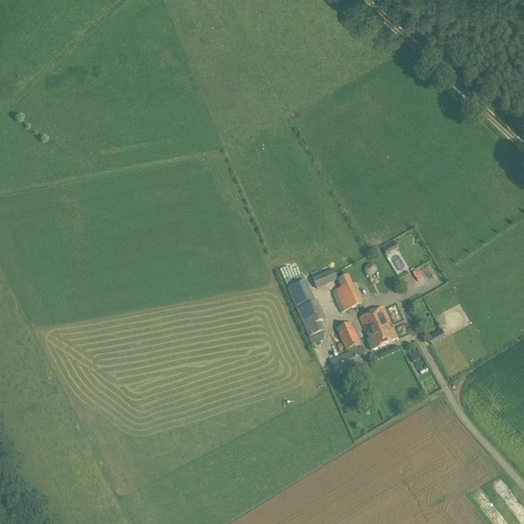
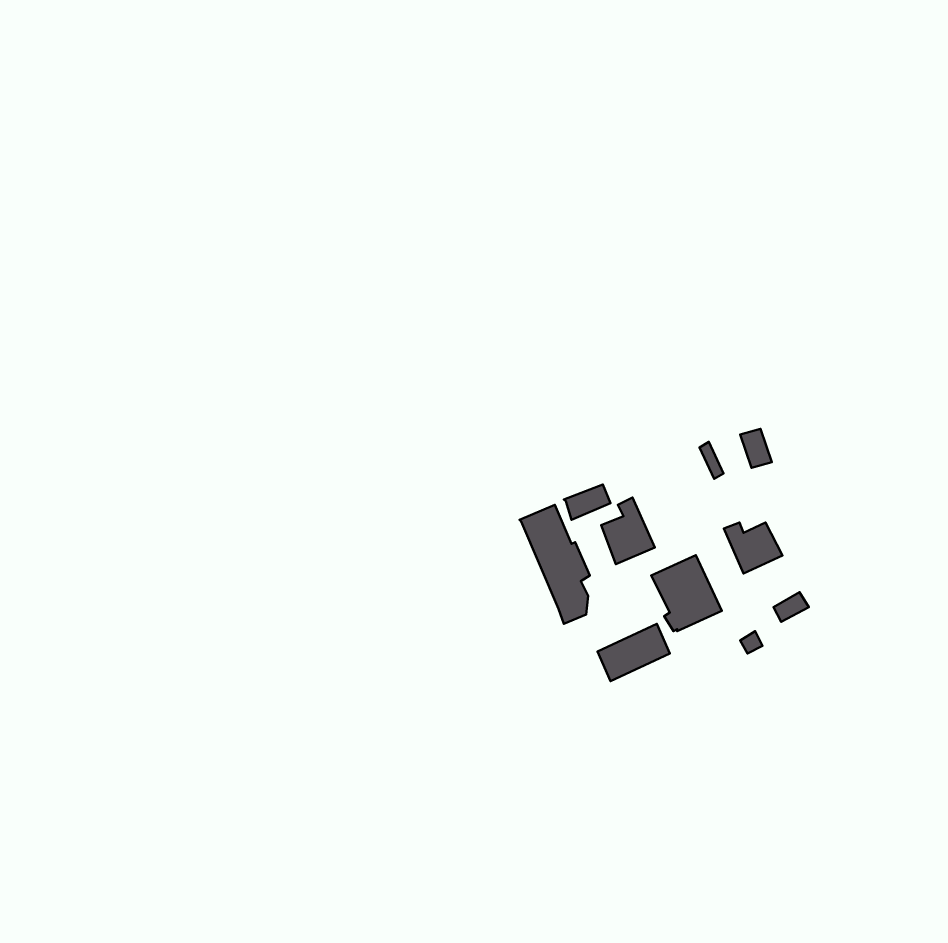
building: none -> [724,522,783,573]
building: [336,320,360,348] -> none

